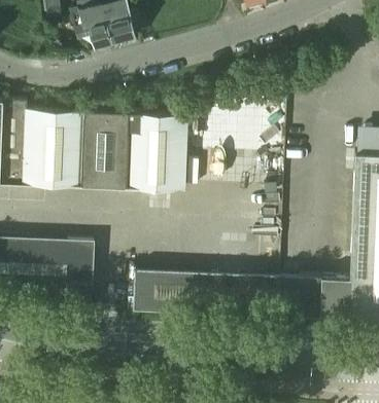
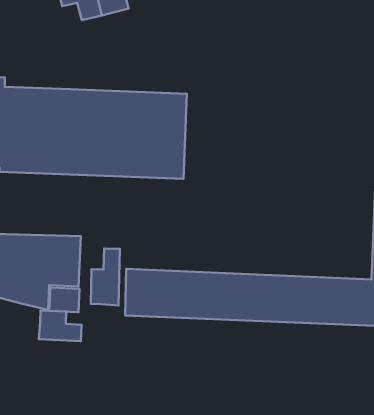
building: none -> [91,249,120,305]
building: none -> [39,311,81,341]

